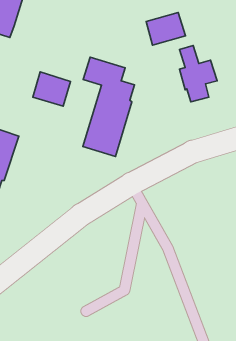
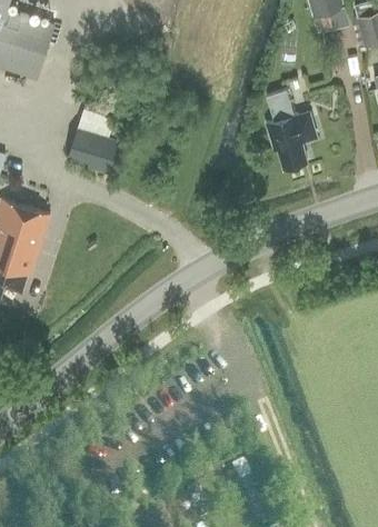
building: [146,13,186,45] -> none
building: [83,57,134,156] -> none

